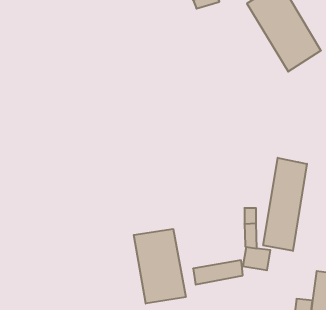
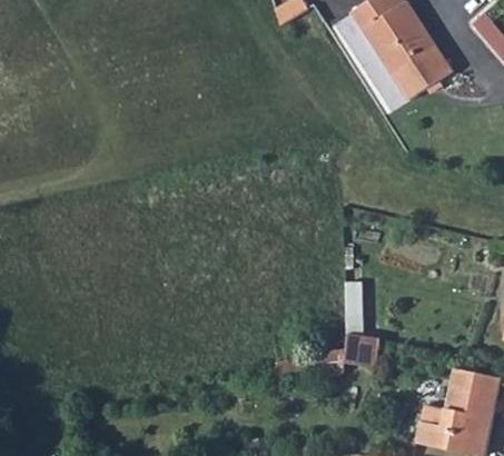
building: [263,158,307,251] -> none
building: [134,229,186,304] -> none

